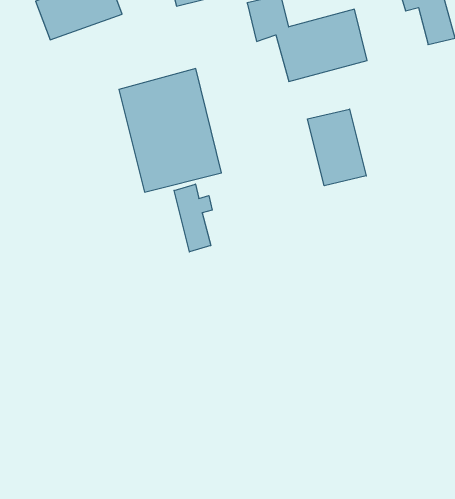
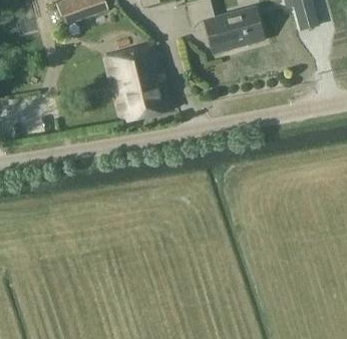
building: [308,109,366,186] -> none
building: [174,184,212,252] -> none

